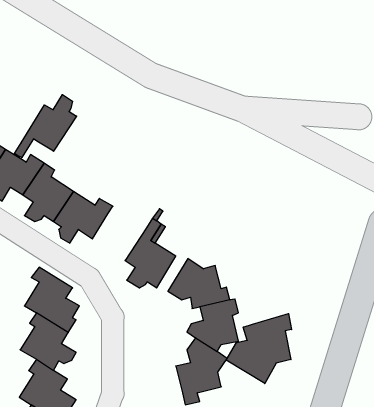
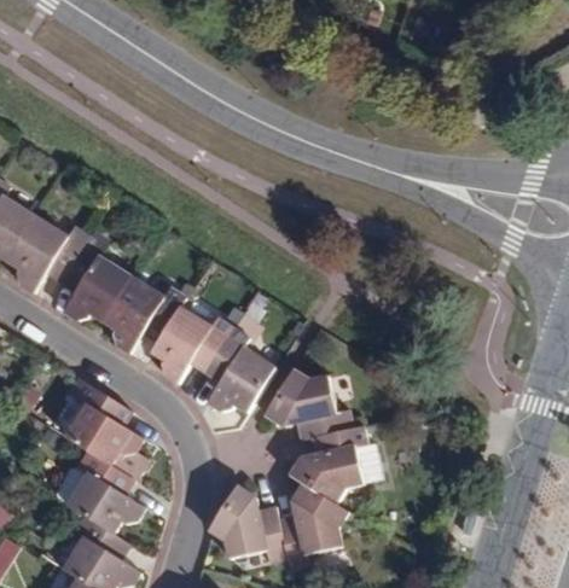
building: [14,95,77,158] -> none
building: none -> [153,308,234,379]
building: [226,314,292,384] -> none
building: none -> [211,484,285,565]

